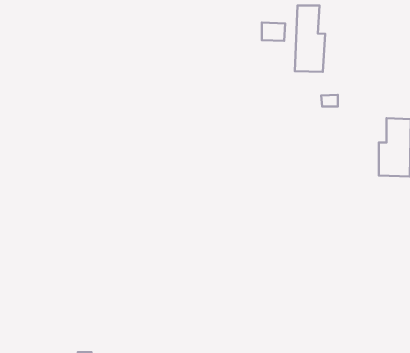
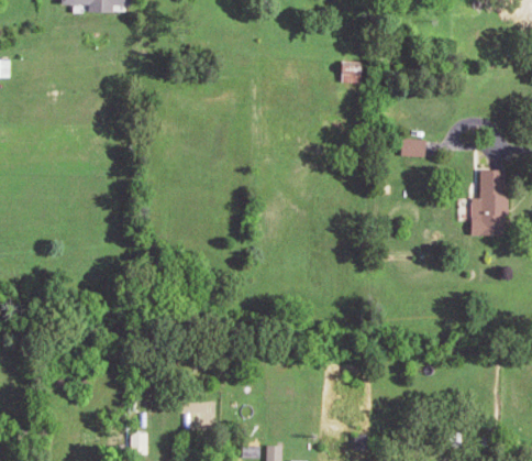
building: [295,5,325,72] -> none

